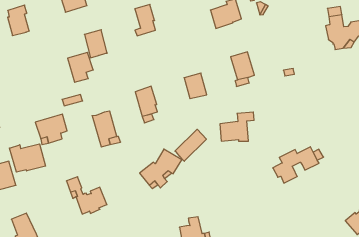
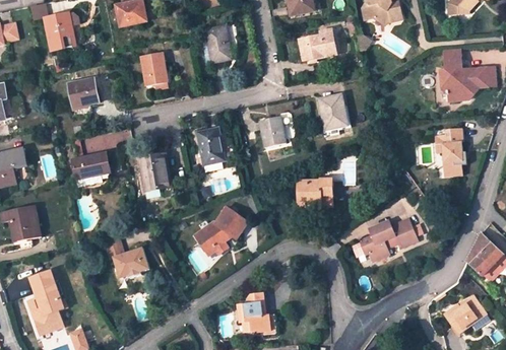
building: [68,52,93,82] -> [68,79,99,115]
building: none -> [435,128,467,177]
building: [175,129,206,161] -> none
building: [9,144,46,172] -> none

